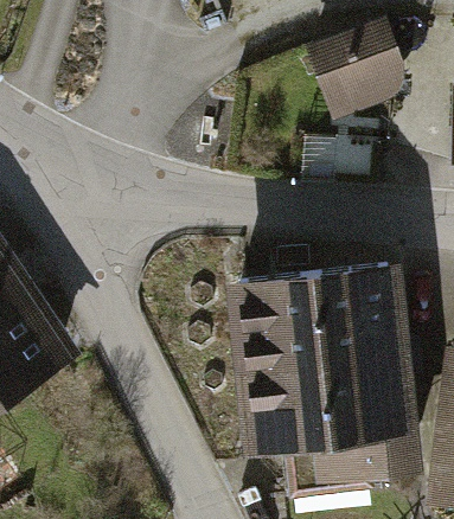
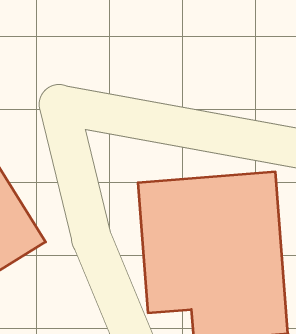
building: [307,20,422,128] -> none

